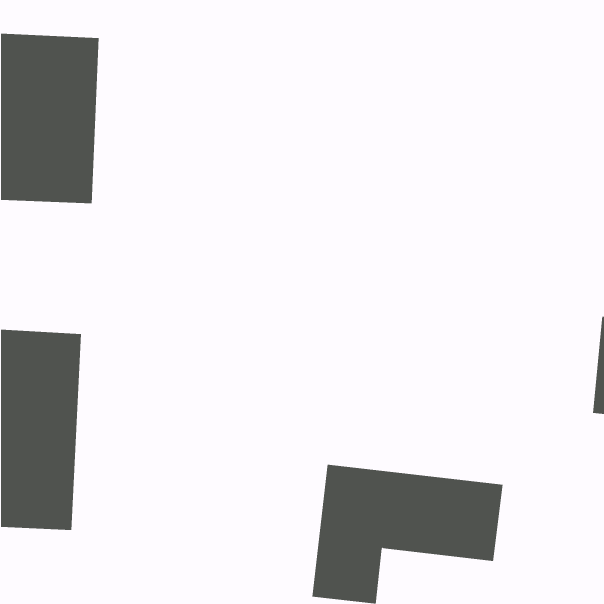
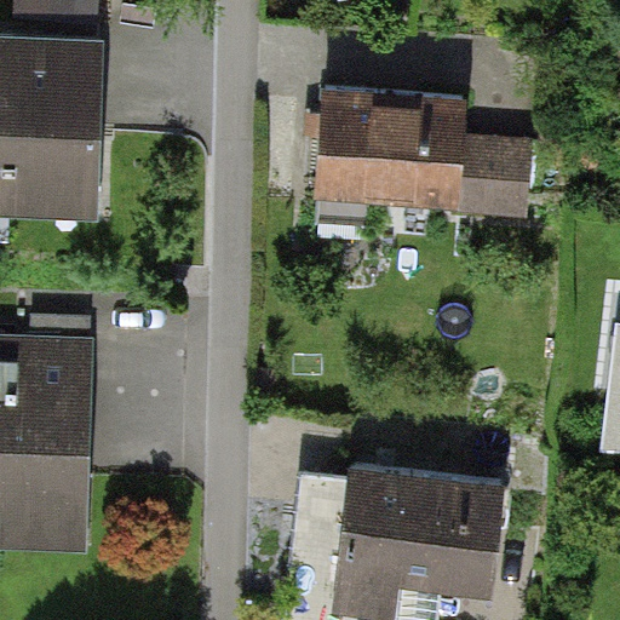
building: none -> [302,88,530,214]

